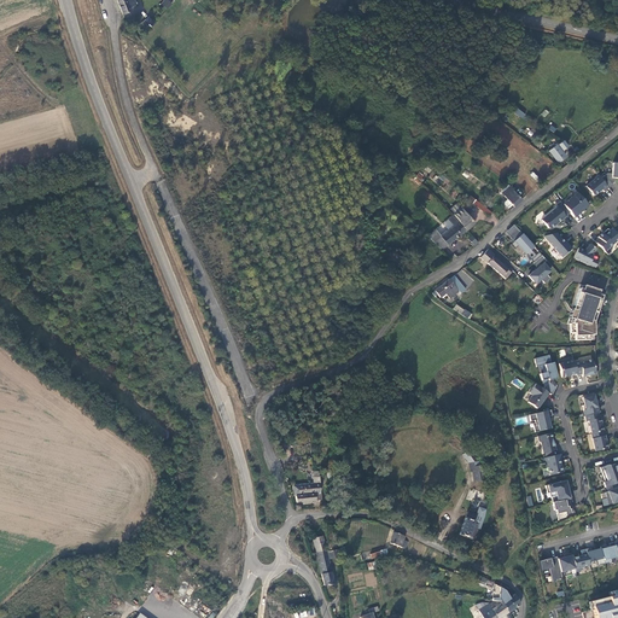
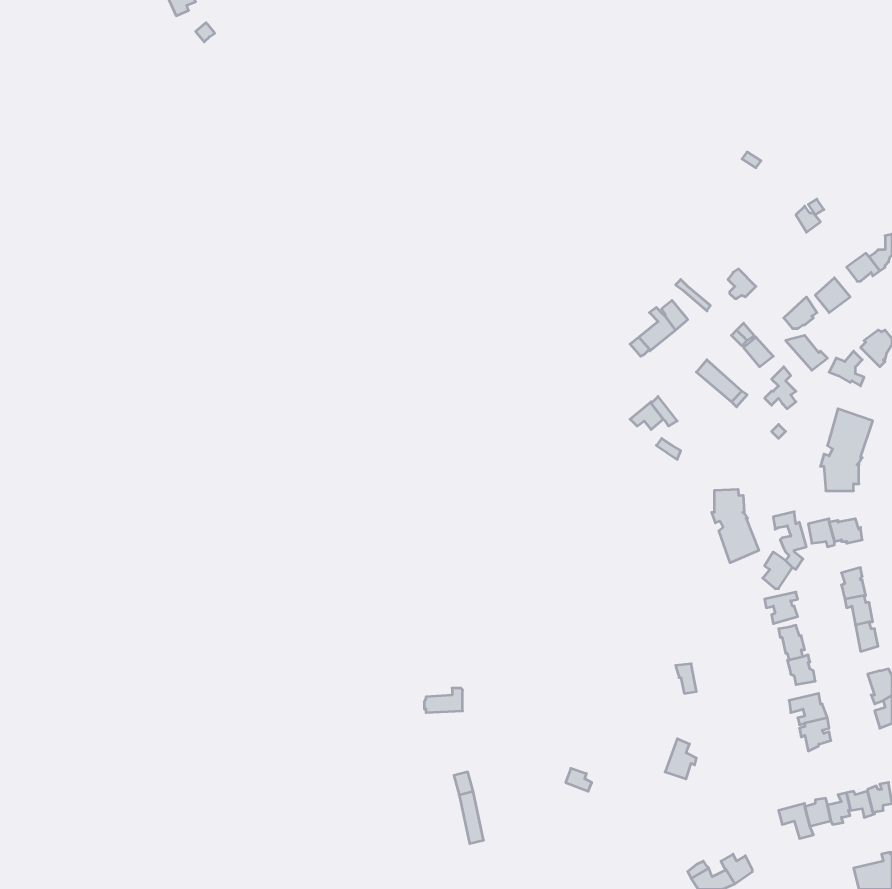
building: none -> [712,489,759,563]

